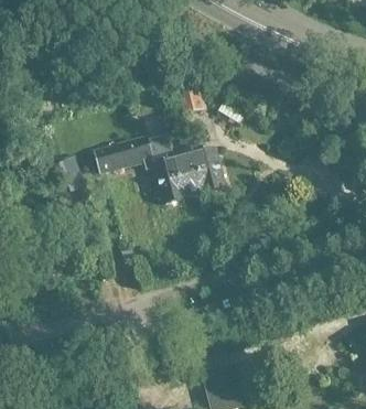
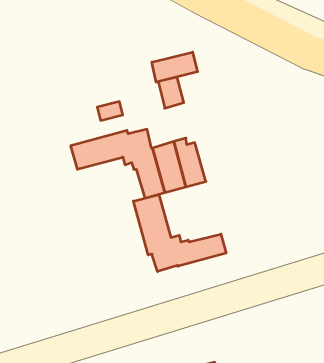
building: none -> [152,52,198,82]
building: none -> [133,194,226,272]

